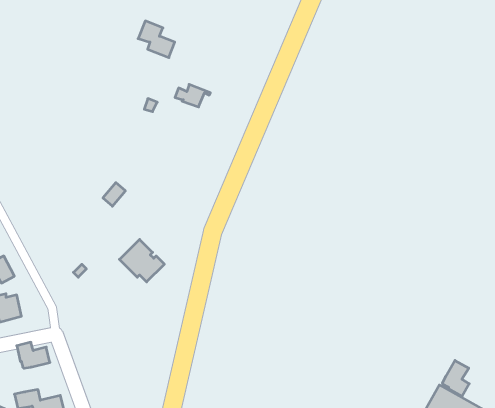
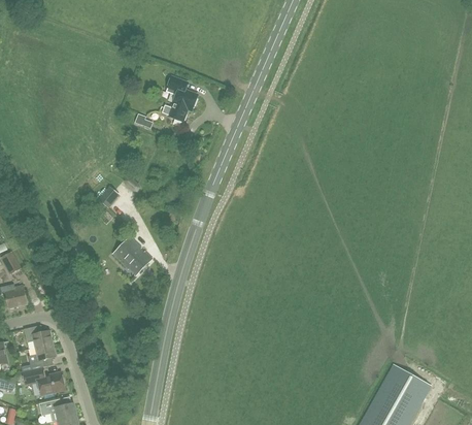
building: [138,21,175,58] -> [166,76,198,108]
building: [442,360,469,396] -> none
building: none -> [28,344,56,369]

